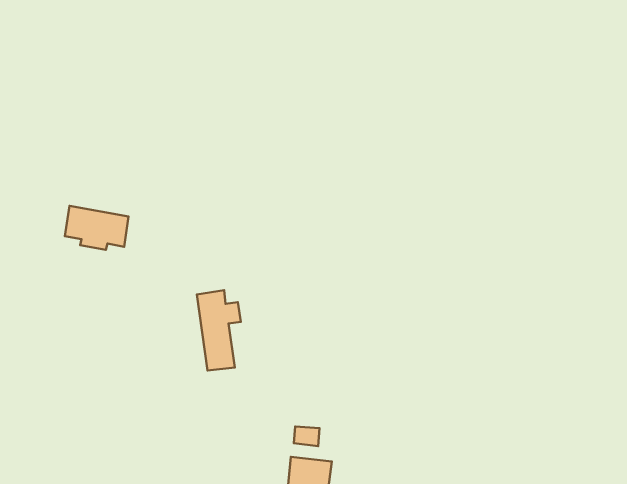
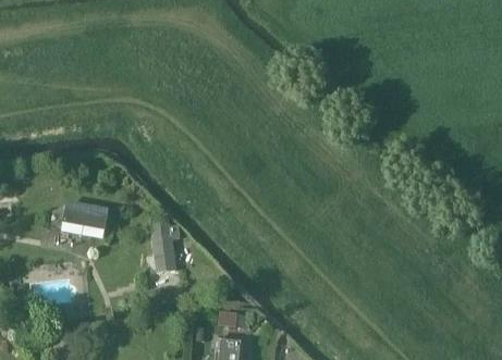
building: [65,206,129,250] -> [62,206,108,237]

